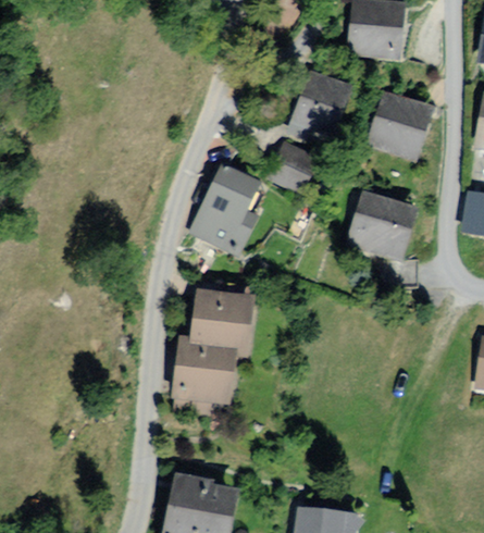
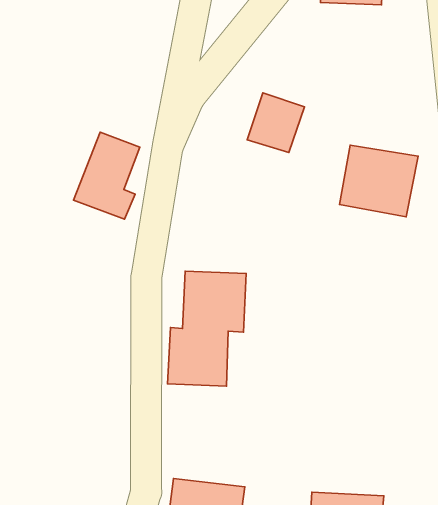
building: [293,73,350,136] -> none
building: [367,91,434,161] -> none
building: [193,172,258,253] -> [74,132,140,219]

